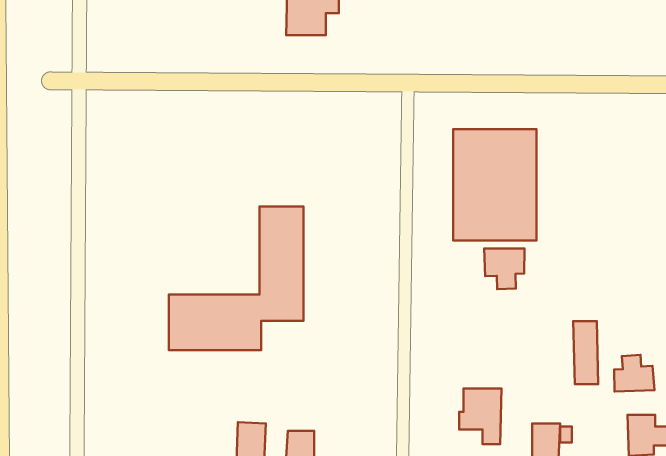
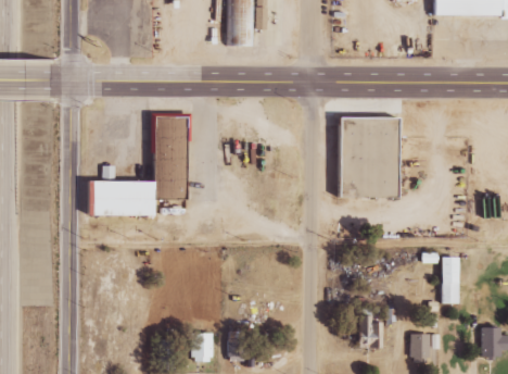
building: [169,207,303,350] -> [91,113,191,220]
building: [484,248,525,289] -> none
building: [614,355,654,391] -> none

